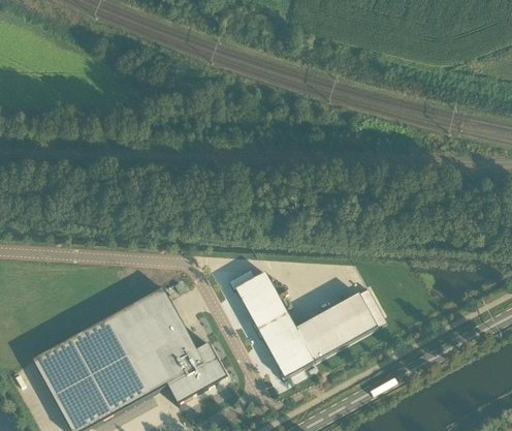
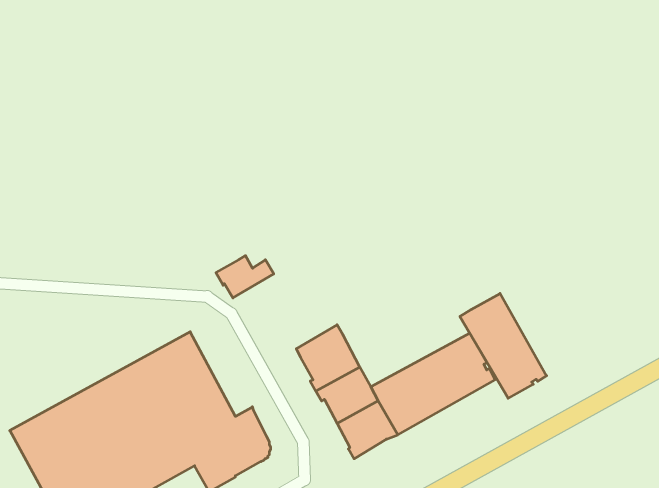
building: none -> [460,293,547,398]
building: [229,267,271,298] -> [216,256,274,298]

